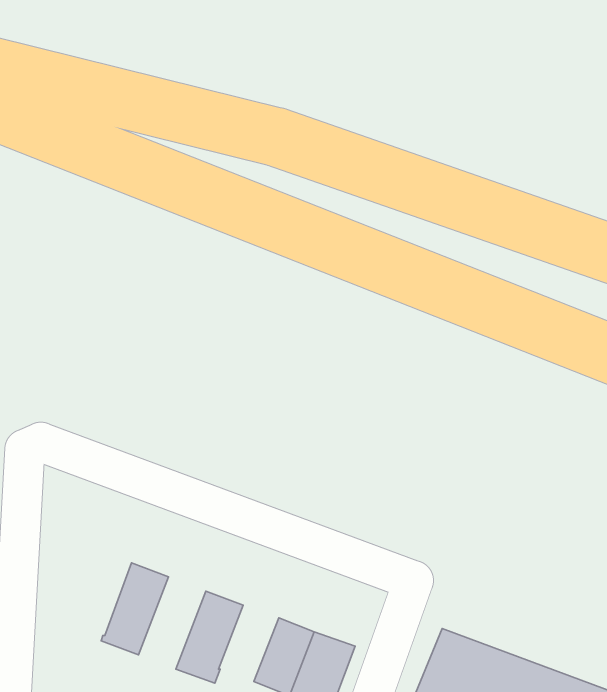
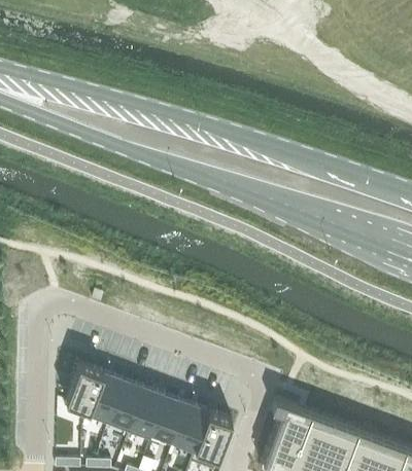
building: none -> [66,364,104,414]
building: none -> [108,381,147,434]
building: none -> [154,397,190,441]

